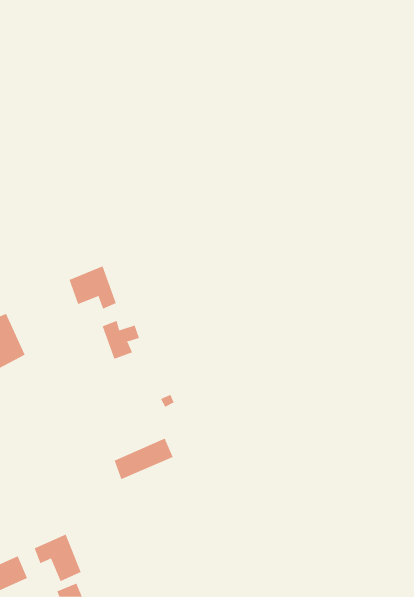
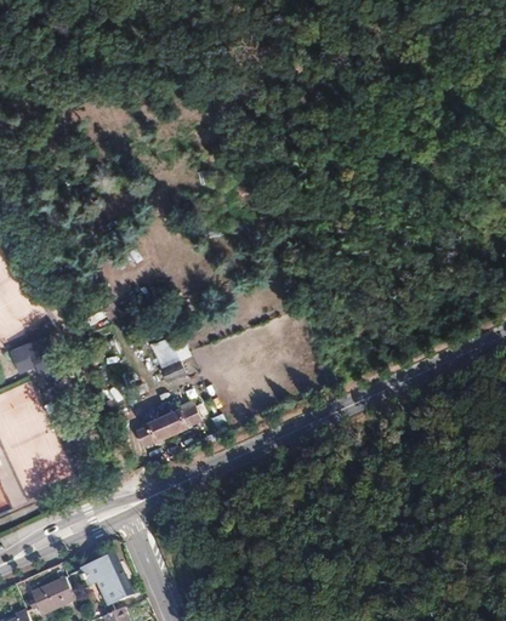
building: [69,266,116,310] -> none
building: [114,438,173,480] -> [135,405,195,448]

